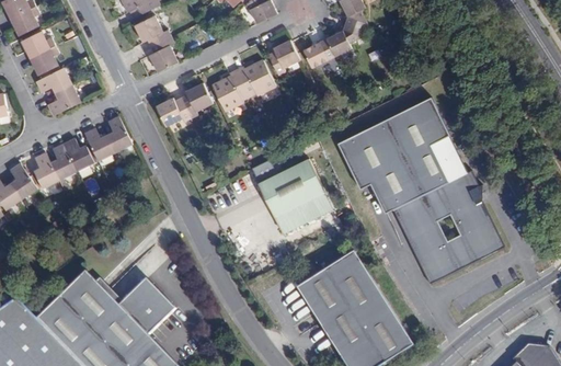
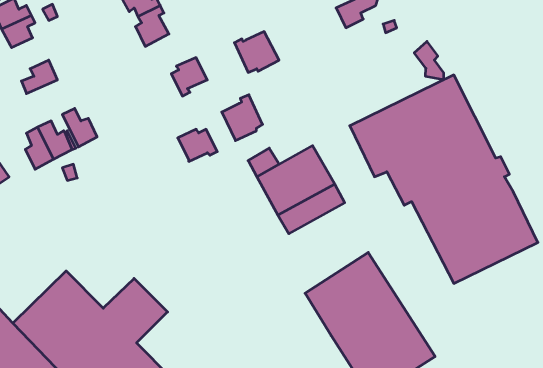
building: [264,38,299,75] -> none
building: [302,38,334,67] -> none
building: [35,67,71,92] -> none
building: none -> [414,41,444,80]
building: [211,69,248,110] -> [222,95,263,141]
building: [154,96,190,125] -> [178,129,217,161]
building: [106,116,131,152] -> none
building: [33,152,59,188] -> none

